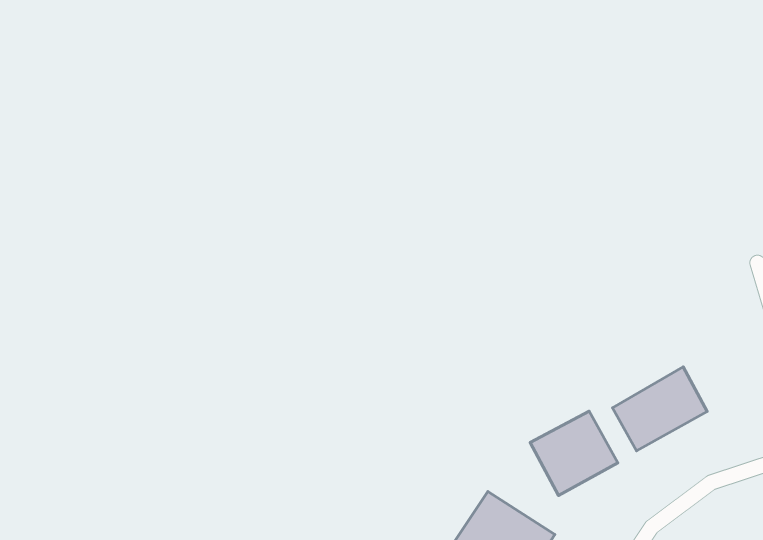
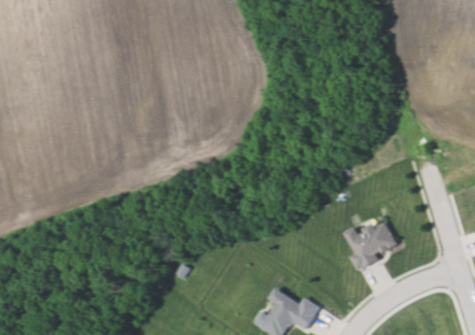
building: [530,411,618,495] -> none

